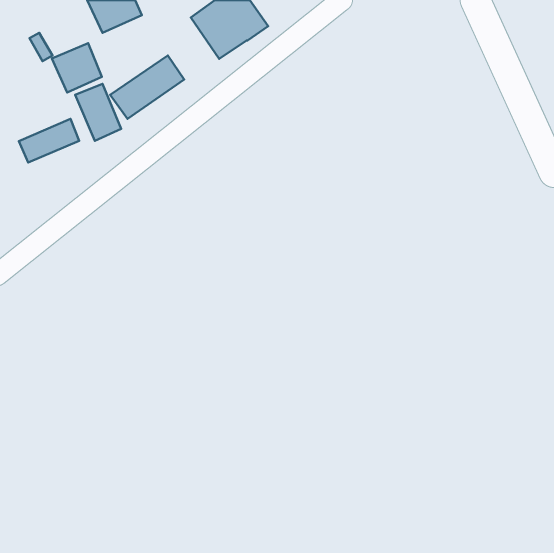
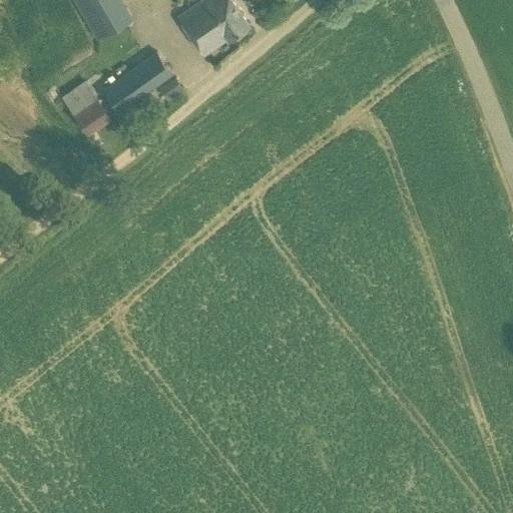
building: [52,43,102,93] -> none
building: [19,119,79,162] -> none

